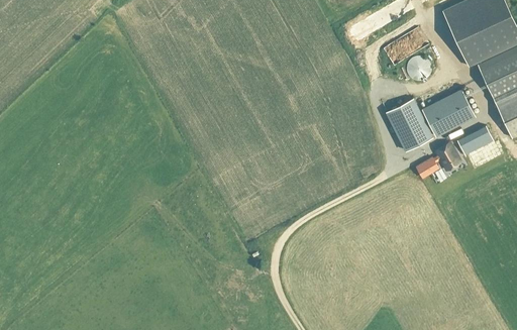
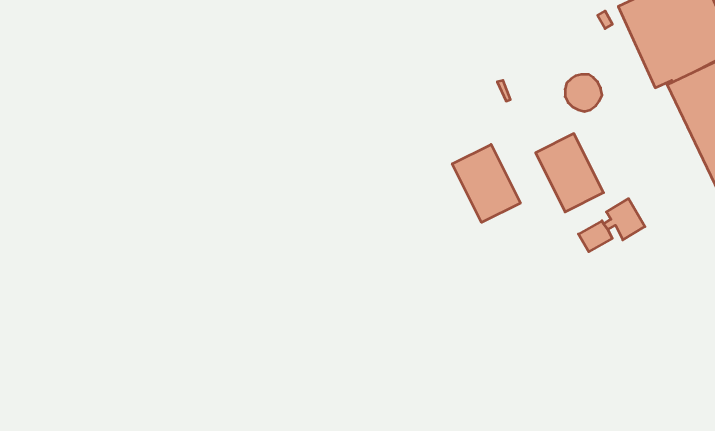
building: [421,90,475,136] -> none
building: none -> [452,144,520,222]
building: [456,126,493,155] -> none

